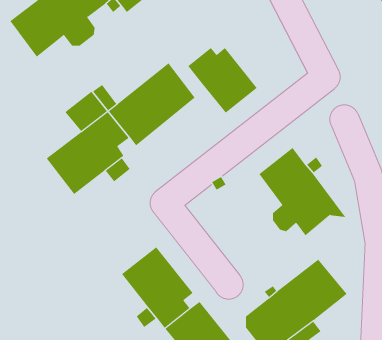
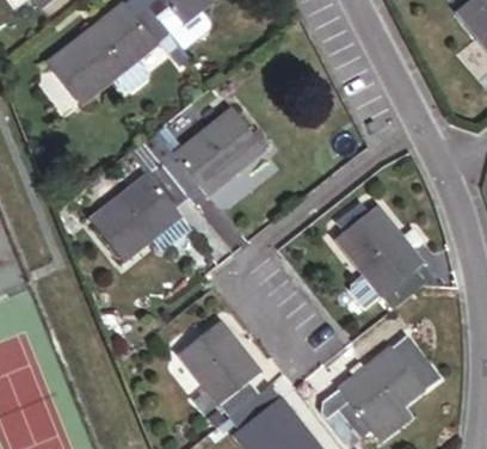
building: [187,47,257,114] -> none

